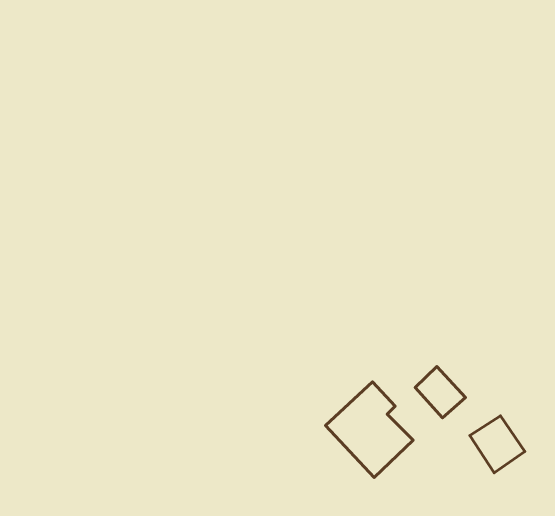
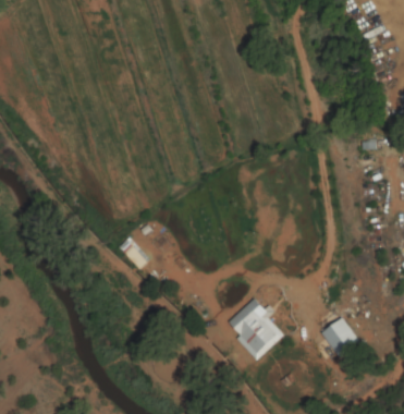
building: [415,367,466,418] -> none

